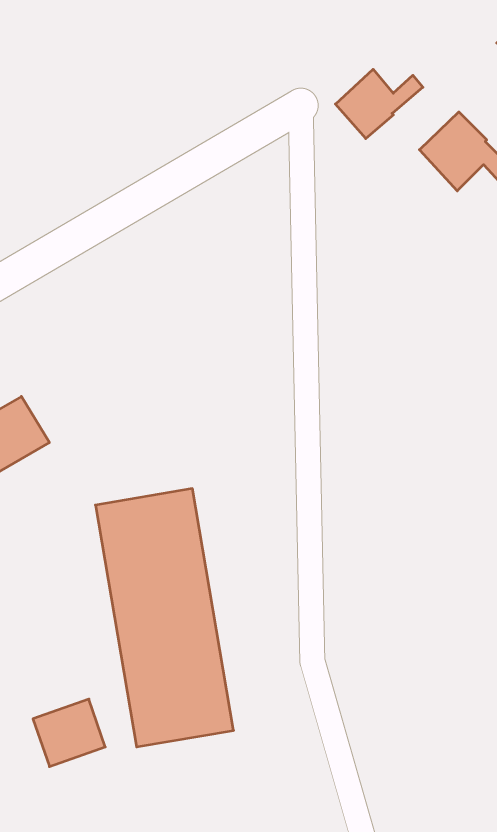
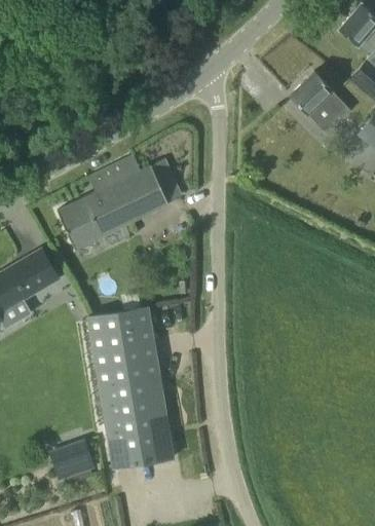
building: [335,69,423,139] -> none
building: none -> [58,155,168,250]

